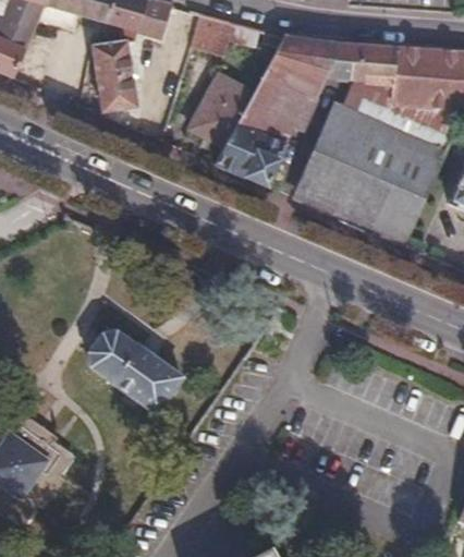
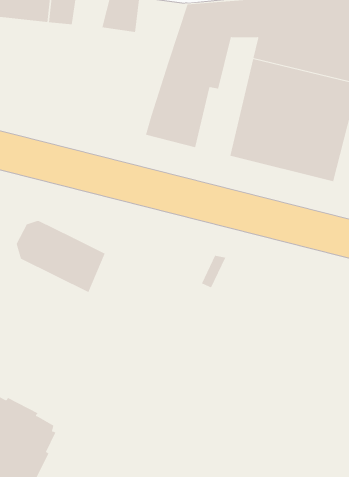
building: [88,39,135,111] -> none
building: [190,75,252,146] -> none
building: [88,328,180,412] -> [16,220,106,293]

